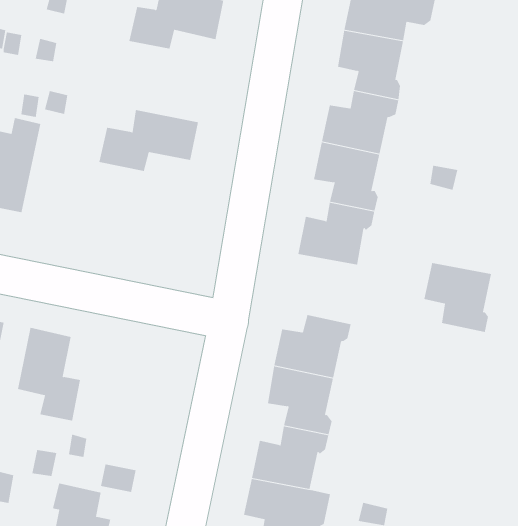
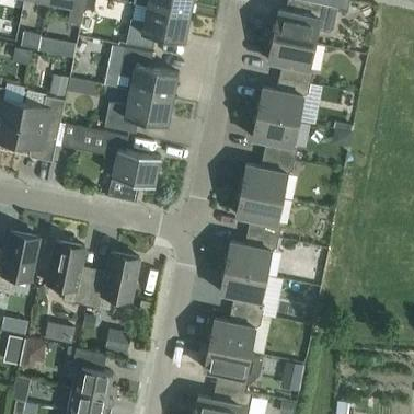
building: none -> [120,47,179,99]
building: none -> [60,123,161,200]
building: [424,263,492,333] -> [235,189,283,238]
building: none -> [87,252,139,310]

